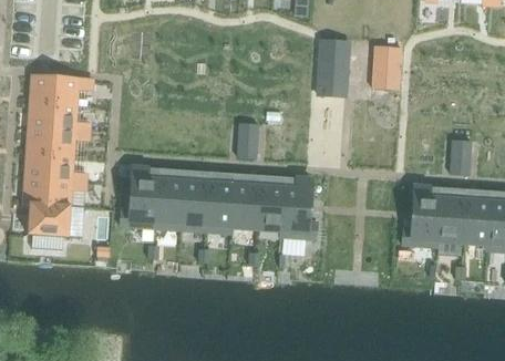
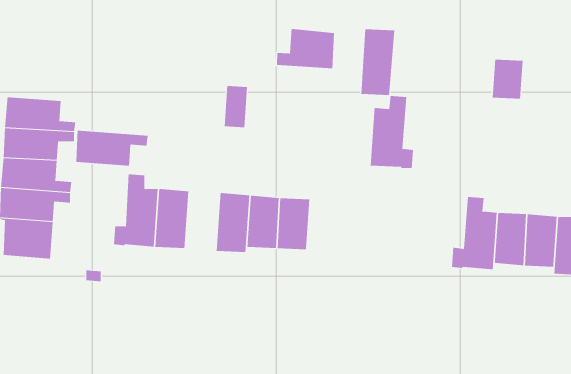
building: none -> [276,28,335,69]
building: [382,49,409,82] -> [492,59,524,99]
building: [31,75,92,105] -> [75,130,149,166]
building: [237,123,257,158] -> [224,85,248,128]
building: [450,140,471,175] -> none
building: [280,177,317,238] -> [370,95,414,169]
building: [179,180,208,230] -> none

